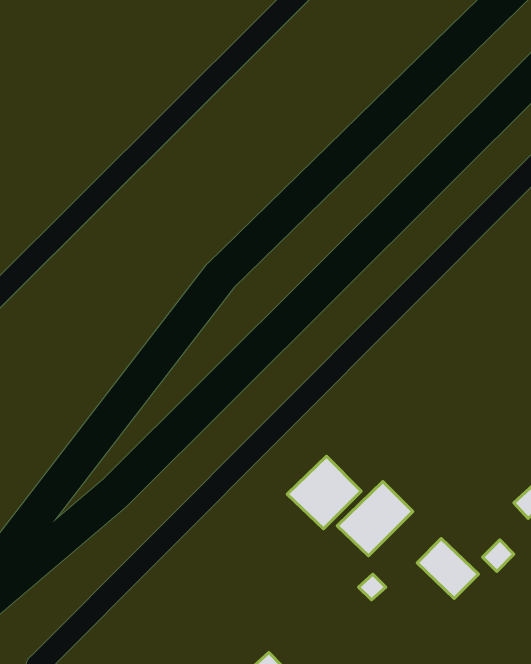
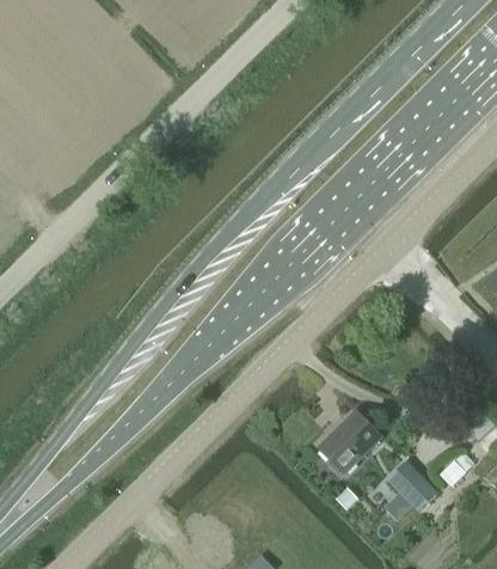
building: [287,456,361,529] -> none

